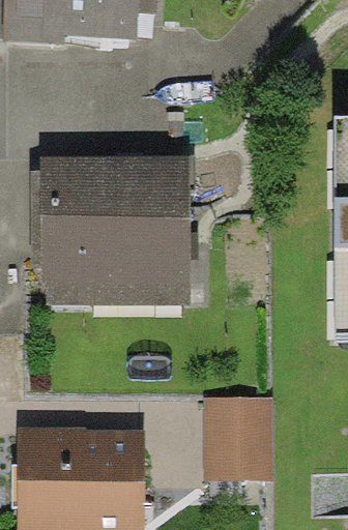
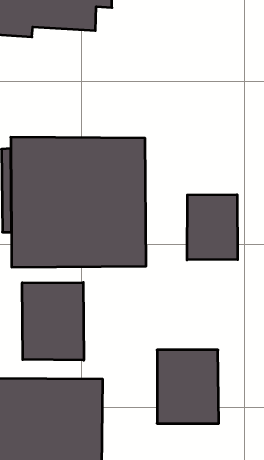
building: none -> [187,195,238,260]
building: none -> [22,282,84,360]

